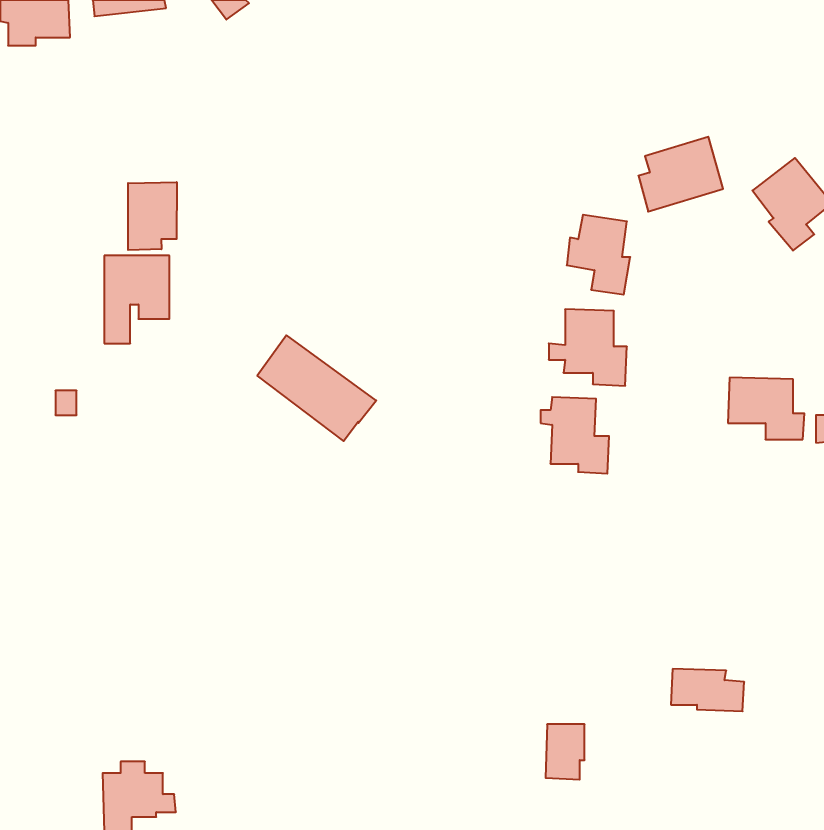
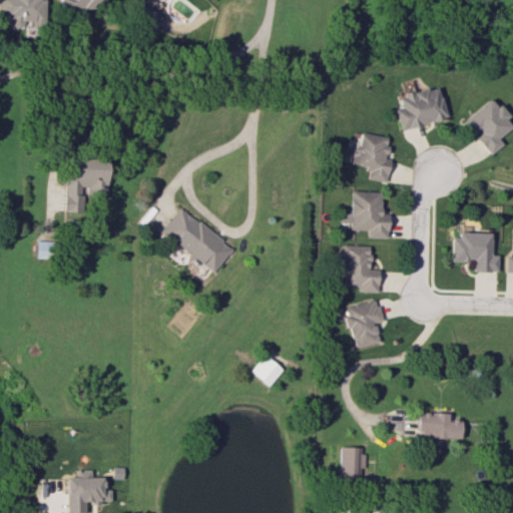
building: [128,182,177,250] -> none
building: none -> [347,301,382,348]
building: none -> [252,355,285,386]

